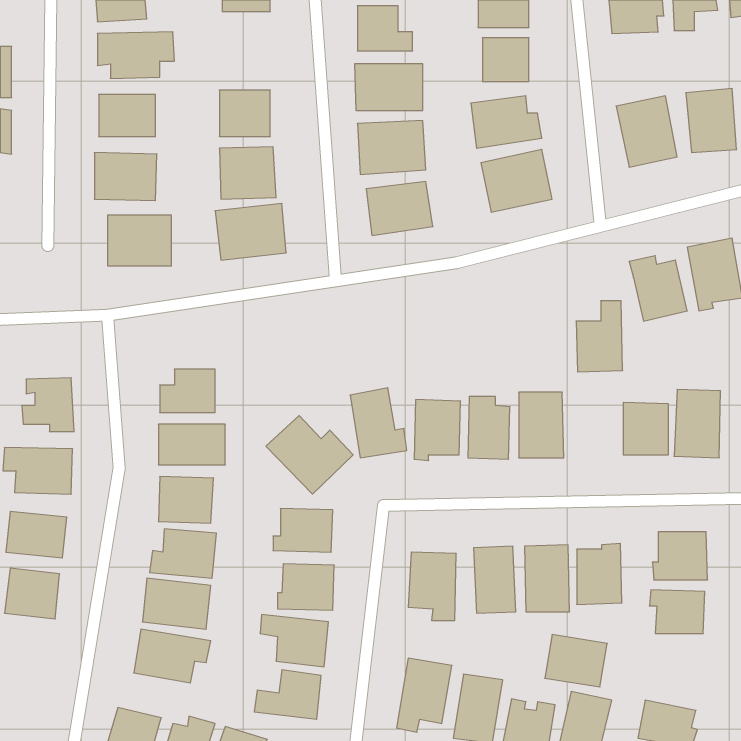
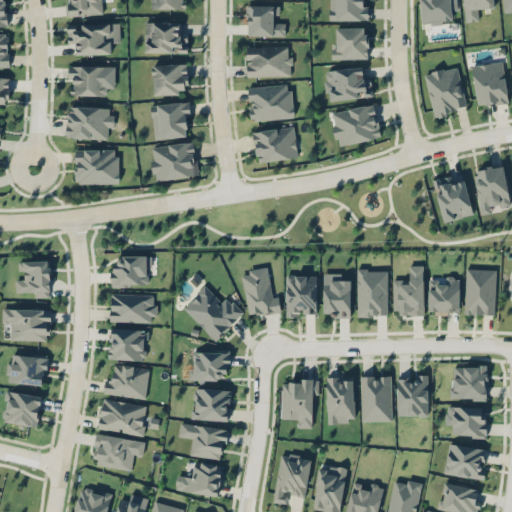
building: none -> [145,21,187,53]
building: [576,301,623,372] -> [393,266,425,315]
building: [545,635,607,687] -> [445,444,488,480]

